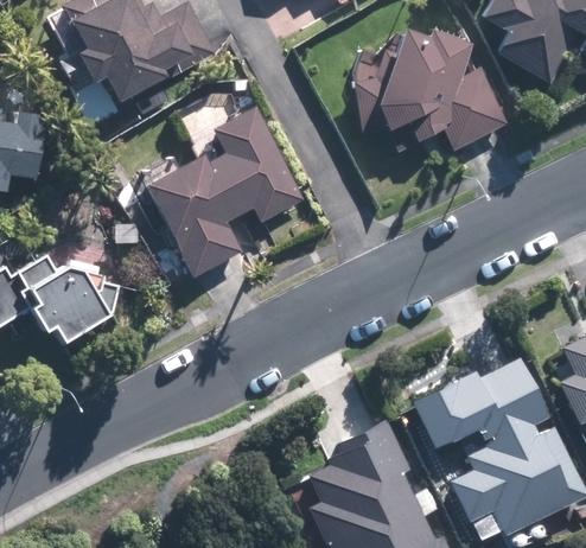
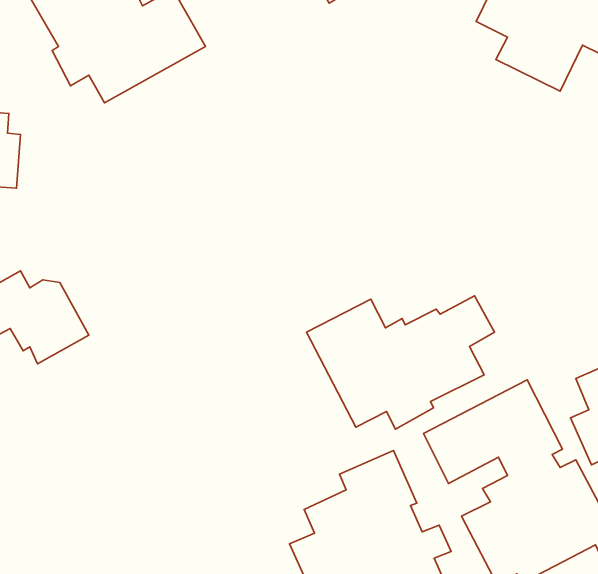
building: [343,37,502,158] -> none
building: [149,104,306,269] -> none
building: none -> [306,296,494,429]

